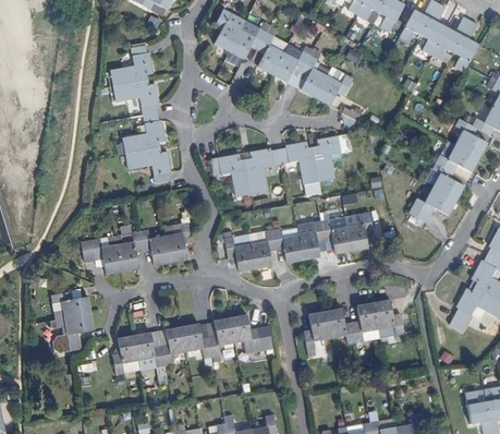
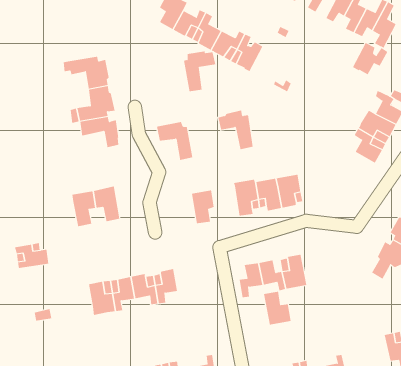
building: [109,45,151,86] -> none
building: none -> [352,42,388,75]
building: [315,68,353,105] -> none
building: [314,135,349,182] -> none
building: [245,148,282,194] -> [183,51,216,92]
building: [407,188,455,221] -> none
building: [163,221,193,262] -> none
building: [272,226,303,263] -> none
building: [223,232,255,272] -> none
building: [83,236,122,275] -> none
building: [373,299,404,337] -> [263,291,292,325]
building: [56,313,94,343] -> none
building: [230,316,261,353] -> none
building: [112,336,139,376] -> none

